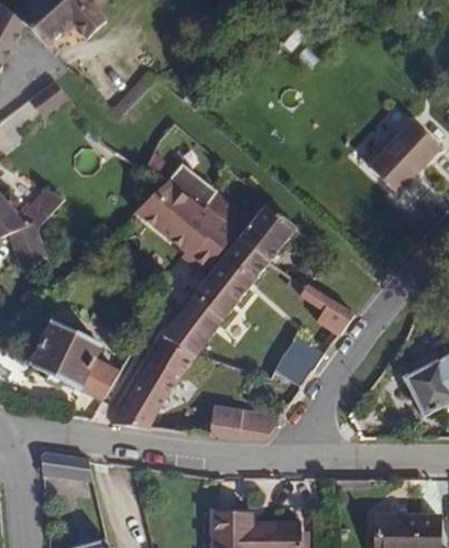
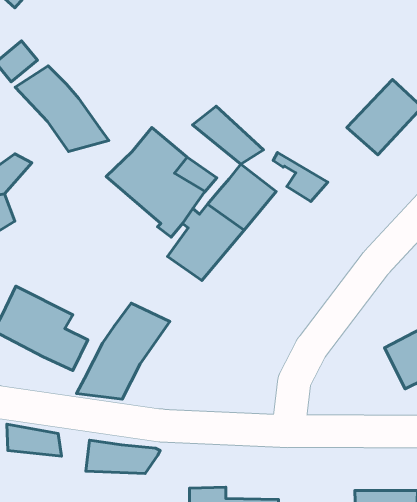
building: none -> [15,66,109,151]
building: none -> [192,106,263,164]
building: [302,286,354,333] -> [273,152,328,201]
building: [161,288,229,351] -> none
building: [274,333,325,386] -> none
building: [211,404,283,436] -> [86,440,160,473]

